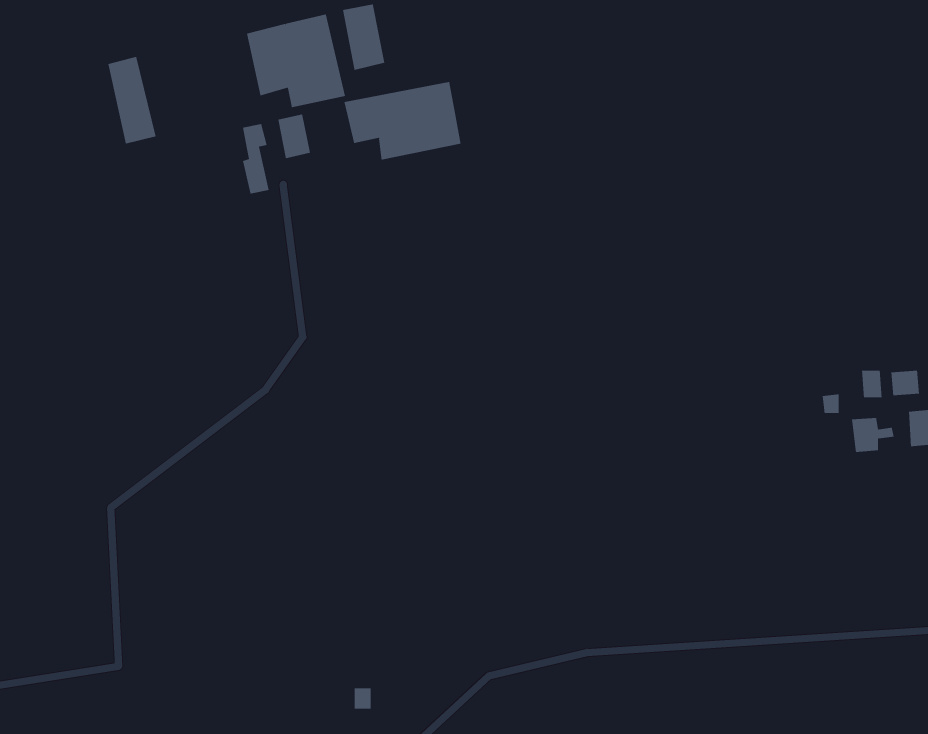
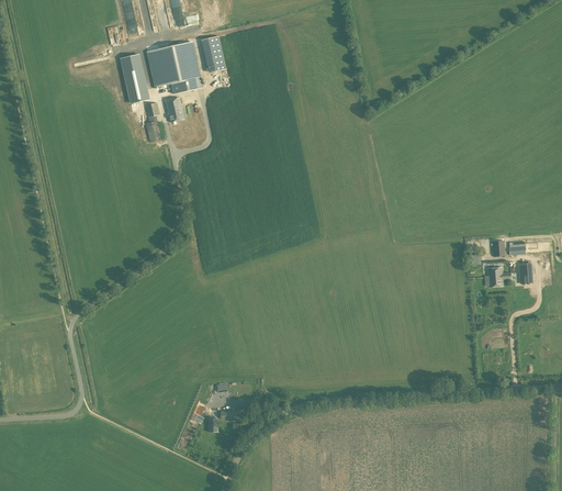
building: [108,56,157,144] -> [120,54,147,103]
building: [344,81,461,160] -> none

